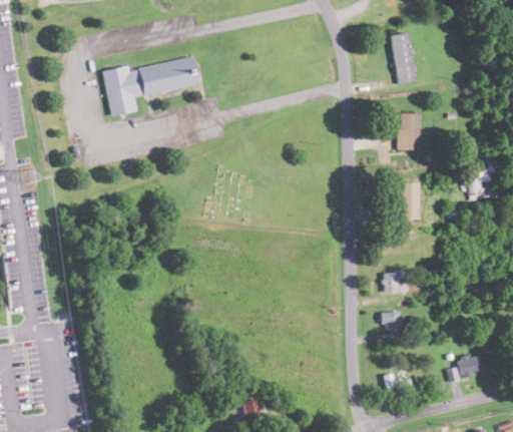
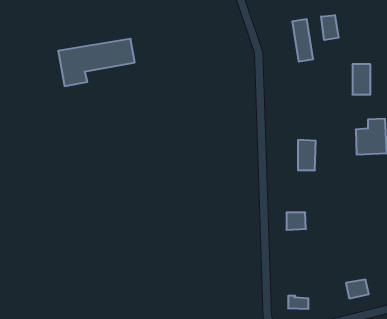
building: none -> [321,15,339,40]
building: [397,113,419,150] -> [352,64,370,95]
building: [384,313,404,331] -> none

